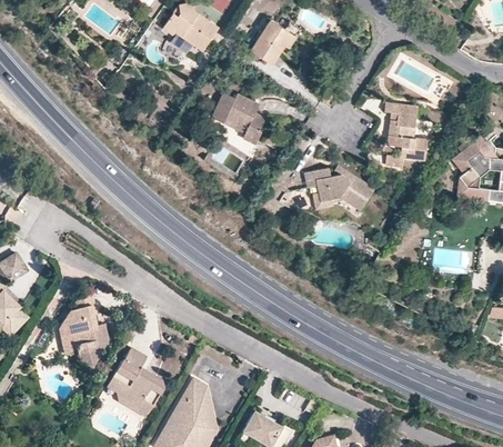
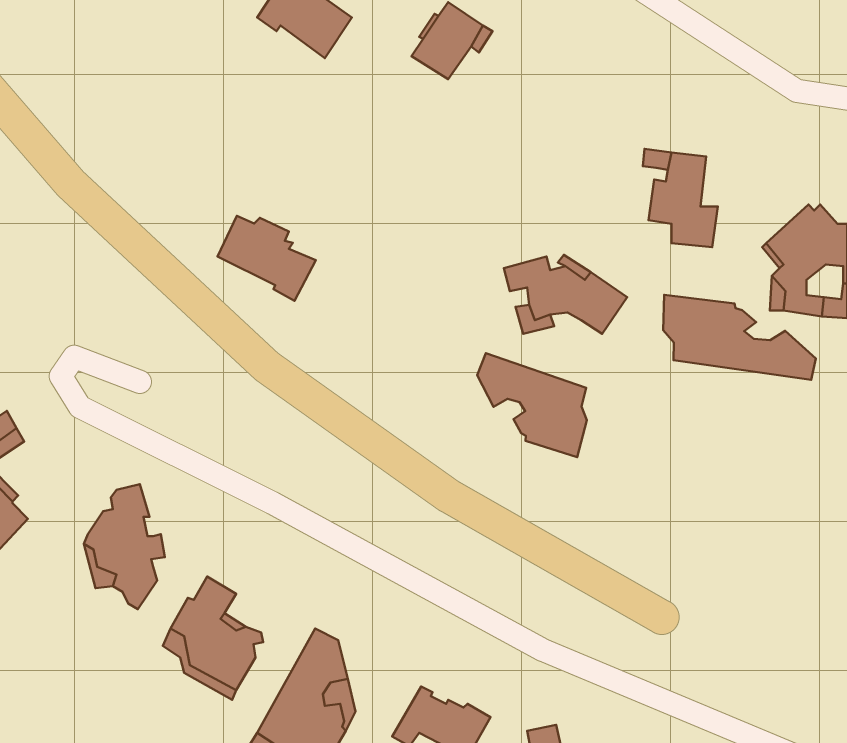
building: [210,95,266,143] -> [218,216,316,301]
building: none -> [663,295,816,380]
building: none -> [477,353,587,457]

